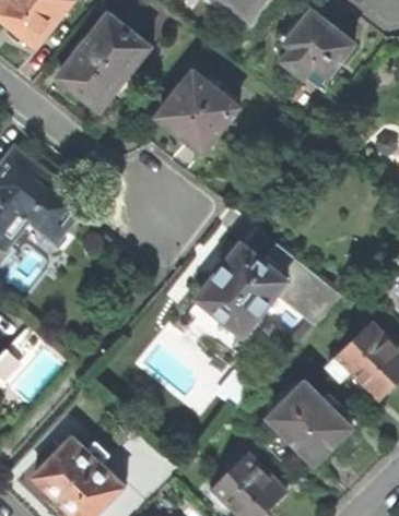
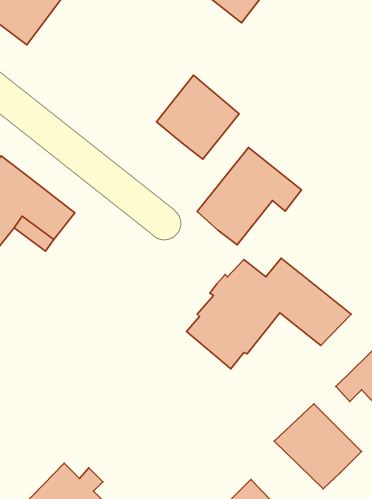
building: [56,12,151,110] -> none
building: [282,13,353,88] -> none
building: none -> [197,147,302,245]

